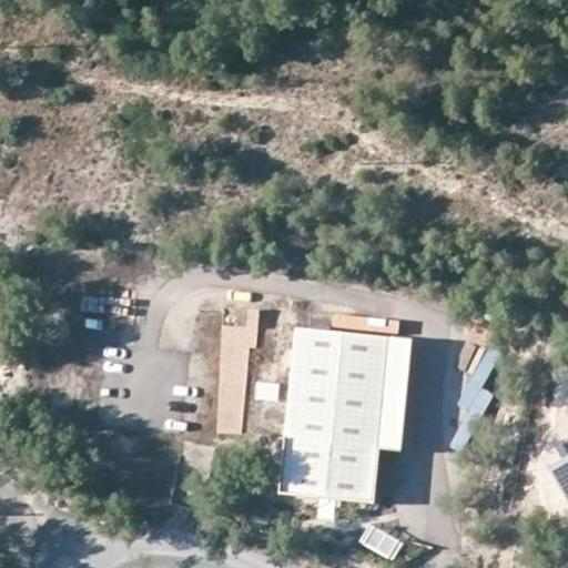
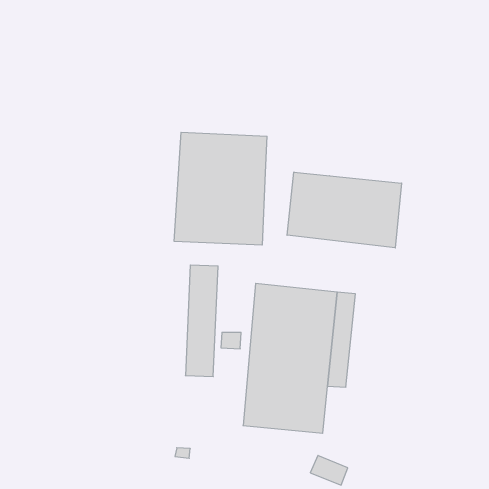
building: none -> [174,132,267,245]
building: none -> [287,172,402,248]

